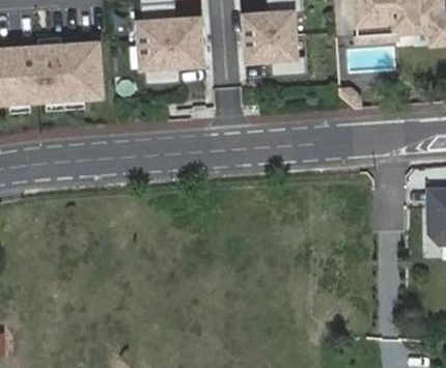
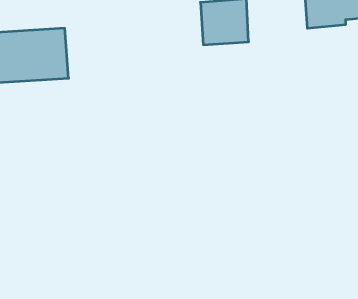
building: [137,18,203,69] -> none

